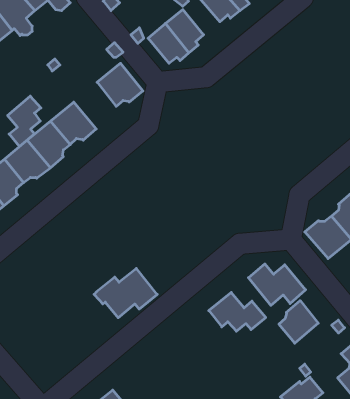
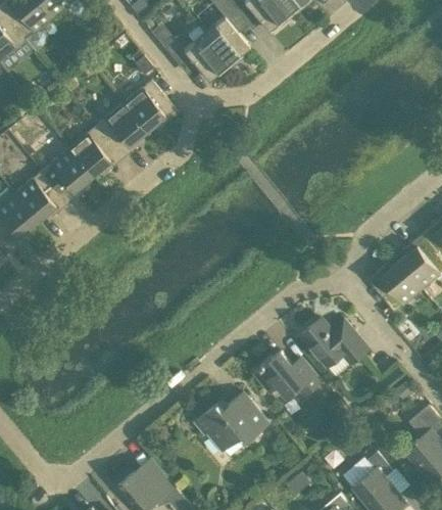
building: none -> [96,102,146,157]
building: [8,96,41,147] -> none
building: [94,268,157,318] -> [195,391,269,450]
building: [279,301,318,343] -> none

